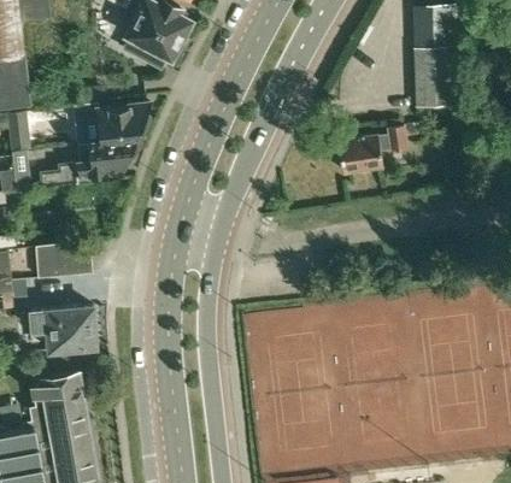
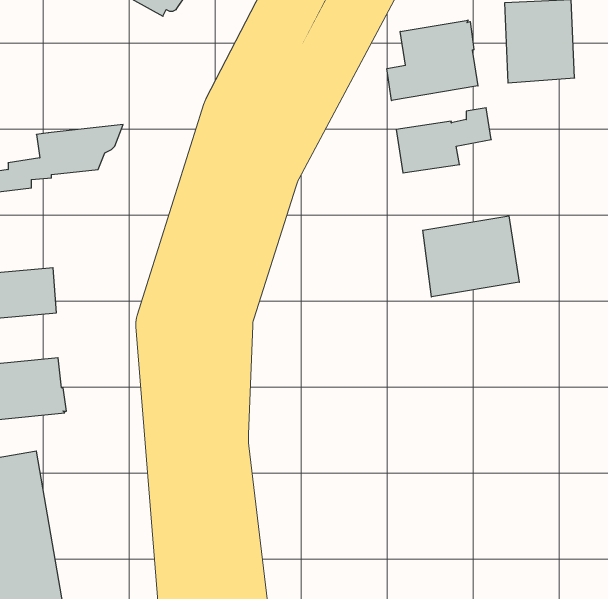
building: none -> [387,20,478,101]
building: [72,104,149,145] -> none
building: none -> [423,216,519,297]

